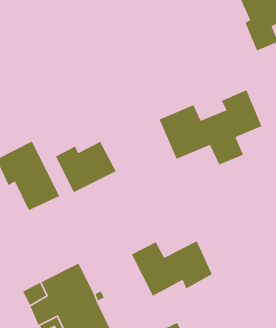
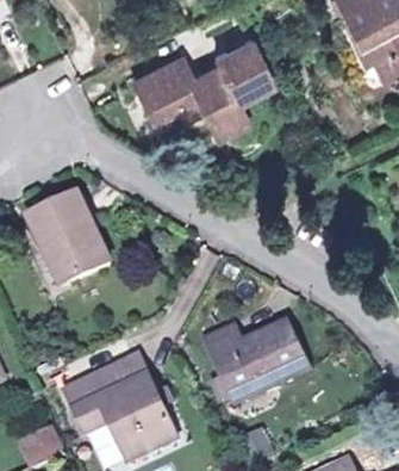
building: [158,89,263,165] -> [135,39,268,137]
building: [55,141,117,193] -> none

